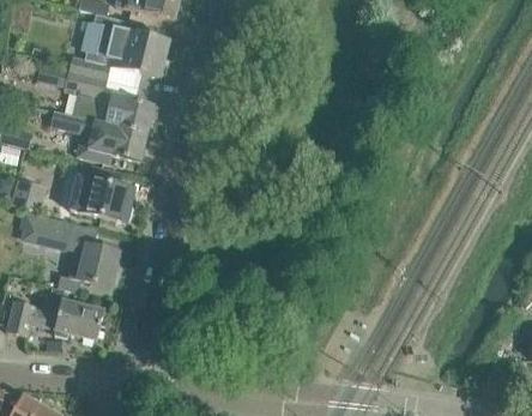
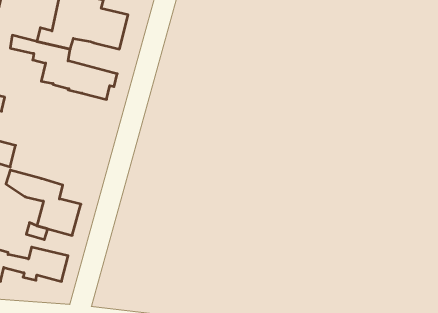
building: [50,109,145,162] -> none
building: [68,163,132,222] -> none

